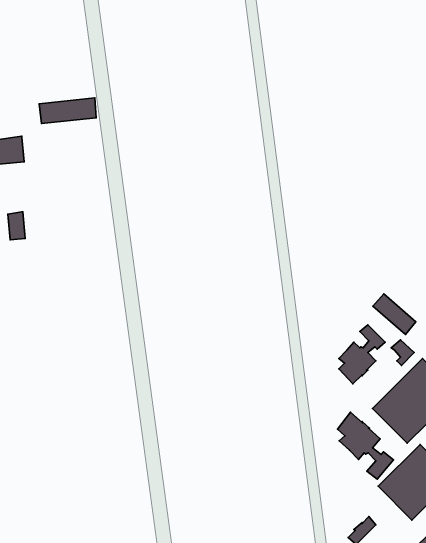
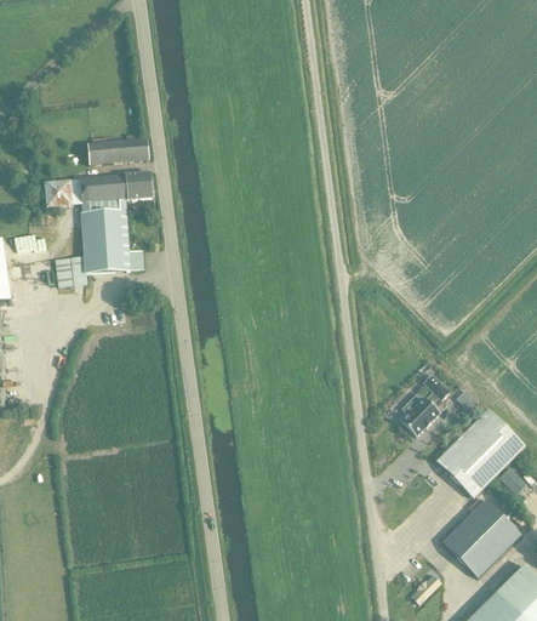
building: none -> [80,171,152,273]
building: [373,294,416,335] -> none
building: [337,412,394,479] -> none

